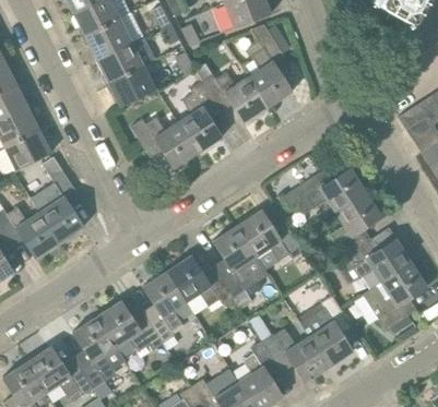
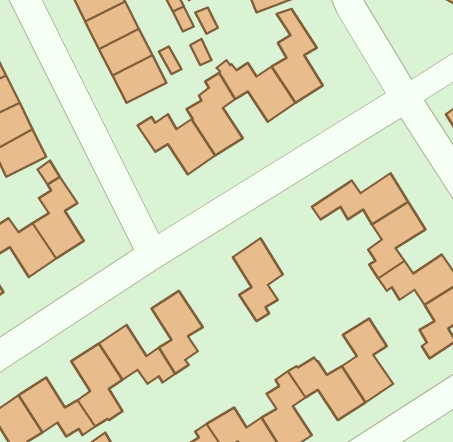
building: [237,210,303,261] -> none
building: [166,255,234,307] -> none

